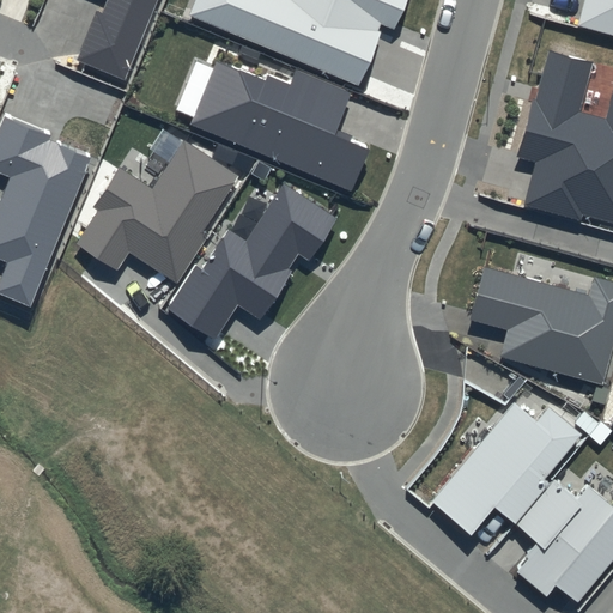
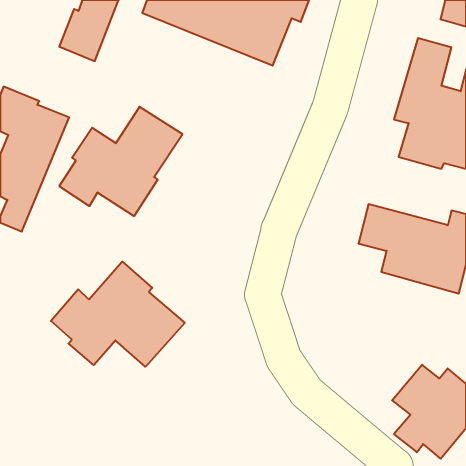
building: [189,61,371,193] -> none
building: [169,183,338,338] -> none
building: none -> [51,262,185,367]
building: [431,402,582,535] -> none

